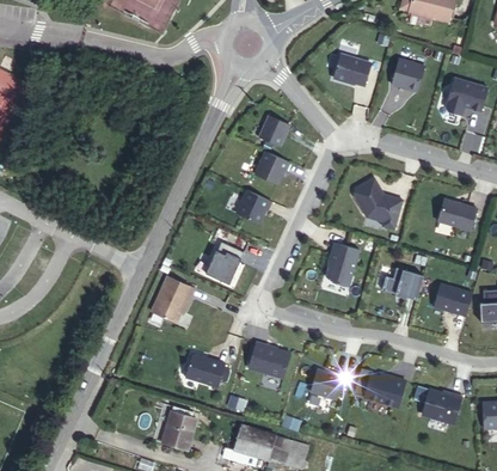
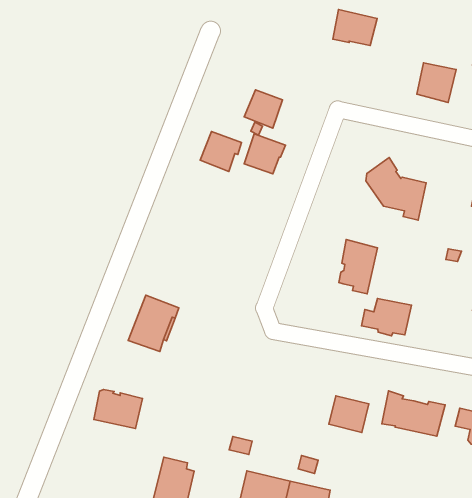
building: [391,59,424,92] -> [417,63,456,102]
building: [235,190,270,224] -> [200,131,242,171]
building: [204,241,244,285] -> none
building: [381,268,423,299] -> [362,298,412,336]
building: [247,342,289,378] -> none
building: [184,354,225,387] -> [94,389,142,428]

